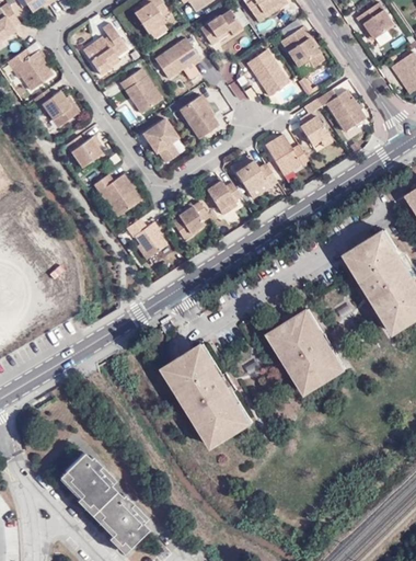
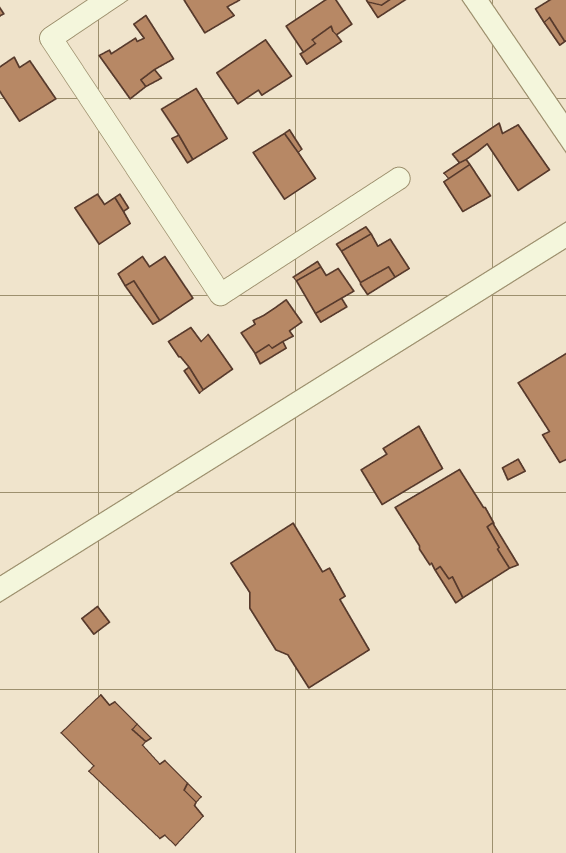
building: [280,25,323,67] -> none
building: [245,49,288,96] -> none
building: [32,89,78,126] -> none
building: [140,118,177,162] -> none
building: [263,135,308,178] -> none
building: none -> [361,426,443,504]

